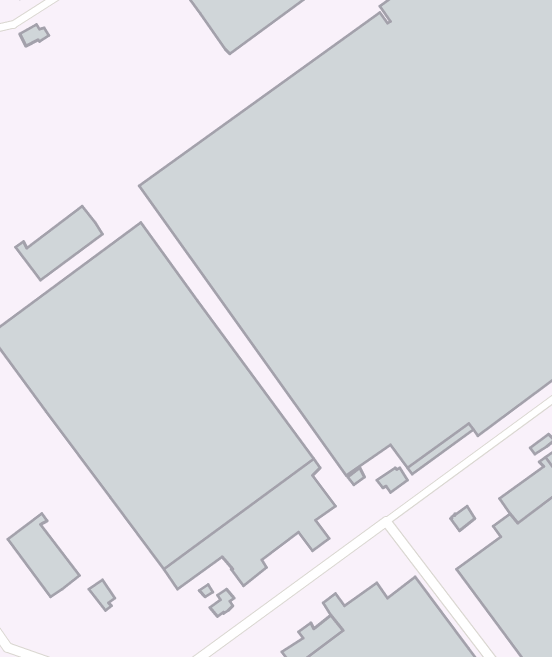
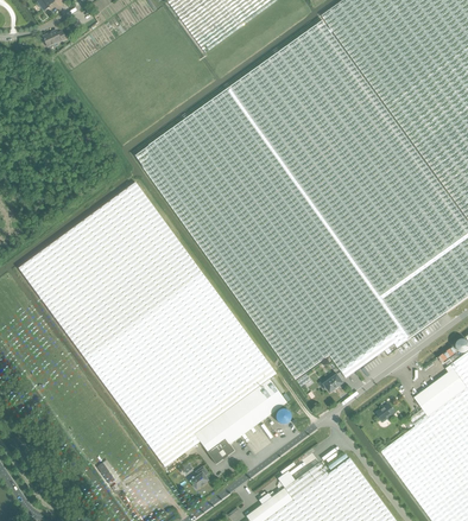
building: [16,206,103,280] -> none
building: [8,514,79,597] -> none

